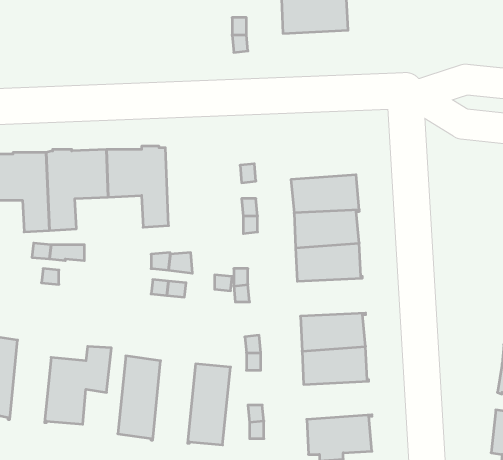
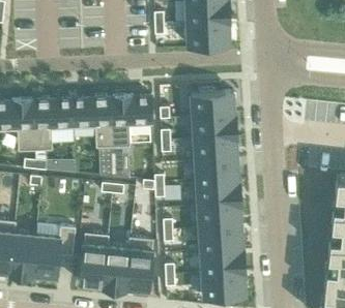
building: none -> [186,21,229,45]
building: none -> [191,89,234,118]
building: none -> [110,96,151,148]
building: none -> [196,182,240,207]
building: none -> [8,222,35,276]
building: none -> [102,236,130,289]
building: none -> [200,249,245,274]

